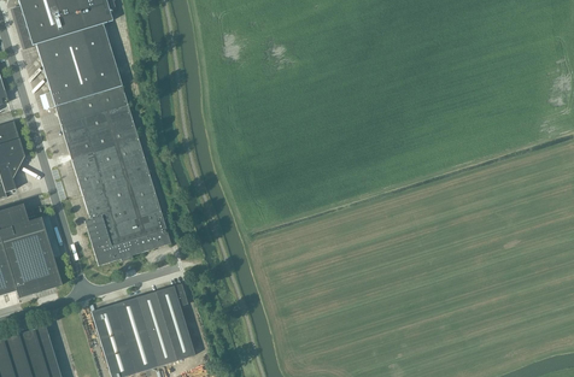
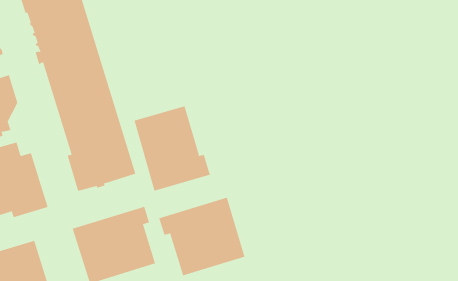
building: none -> [134,105,210,191]
building: none -> [159,197,245,276]

